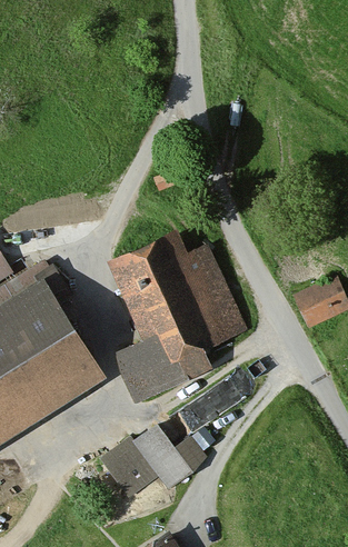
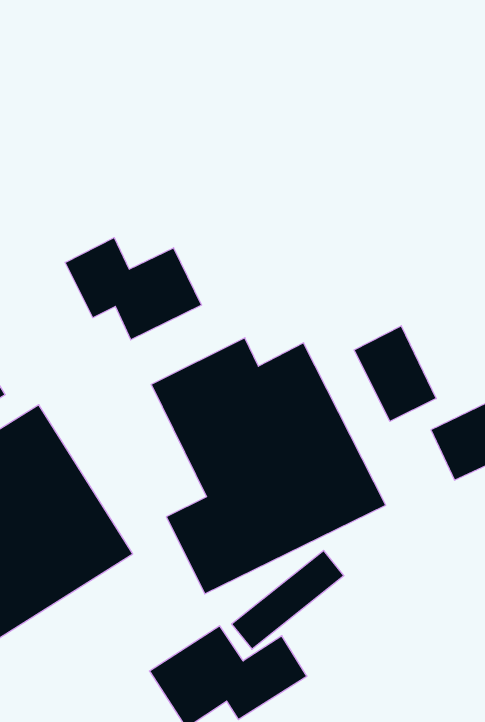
building: none -> [65,238,202,340]
building: none -> [354,326,436,421]

